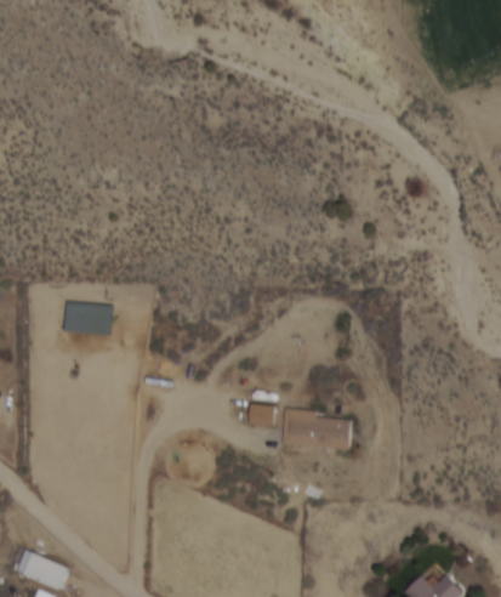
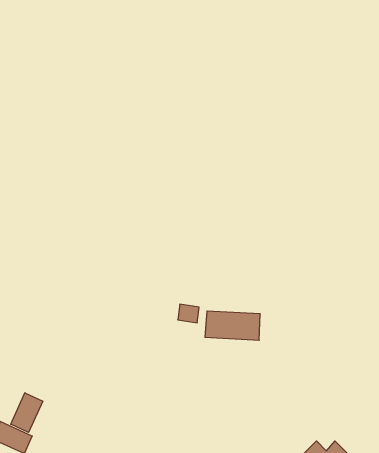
building: [66,303,113,332] -> none
building: none -> [11,393,43,432]

